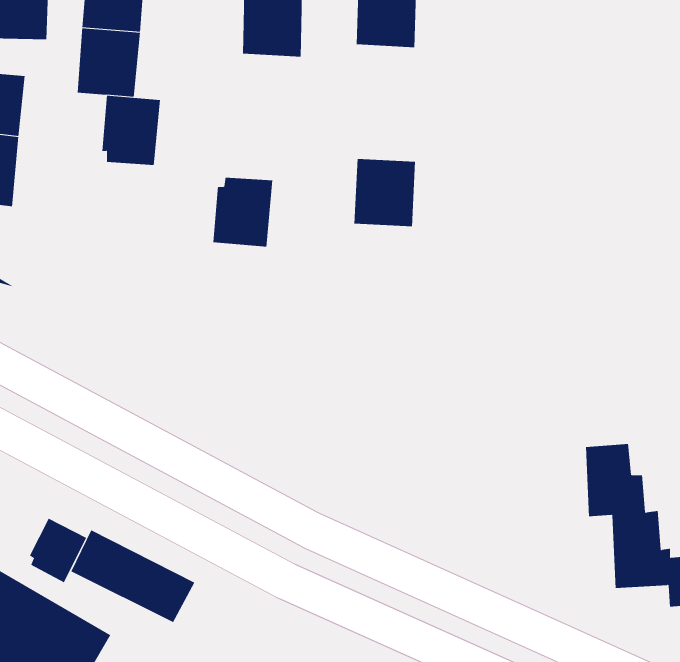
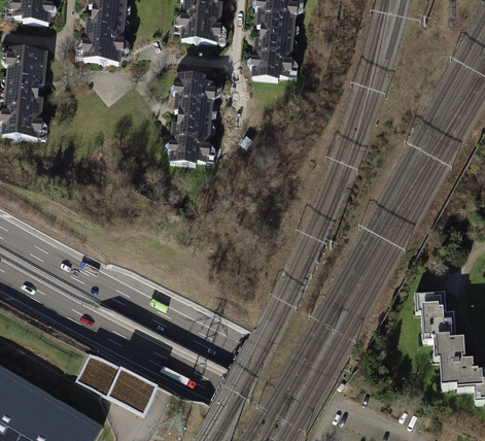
building: [101,95,161,165] -> [174,73,213,120]
building: [354,158,416,227] -> [262,30,303,75]
building: [29,518,87,583] -> none

